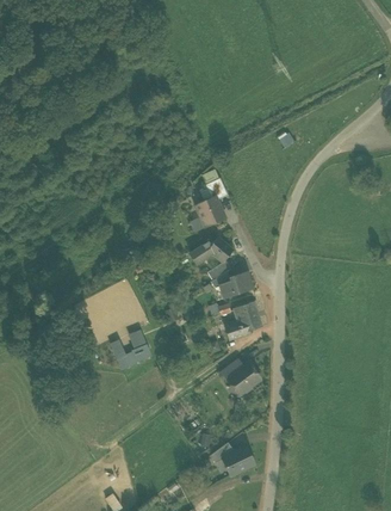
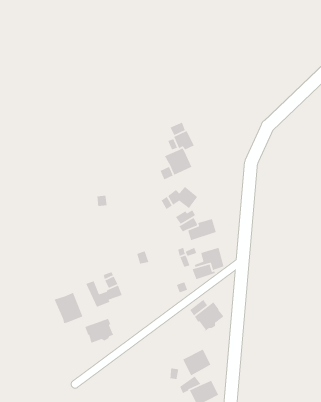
building: none -> [54,292,84,324]
building: none -> [84,318,115,344]
building: none -> [182,349,211,376]

